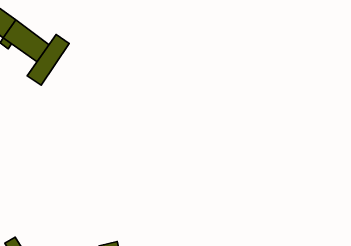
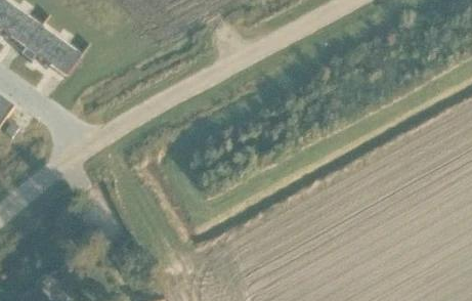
building: [27,35,69,85] -> none

